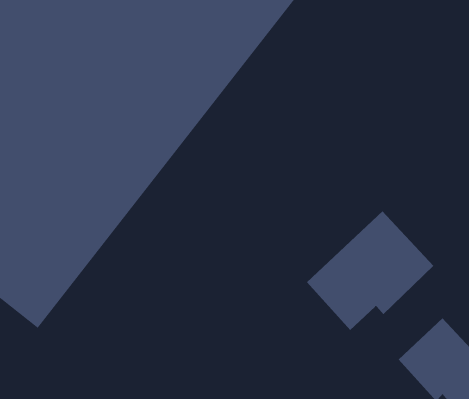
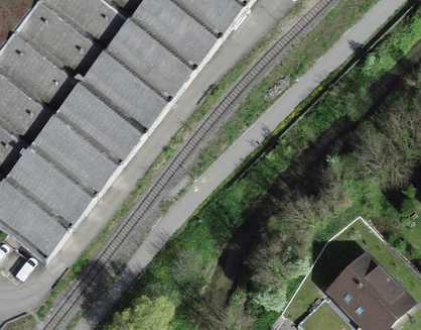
building: [306,211,434,331] -> none

